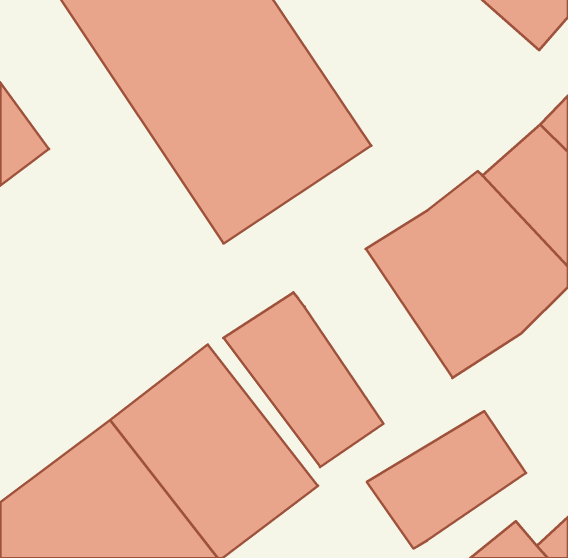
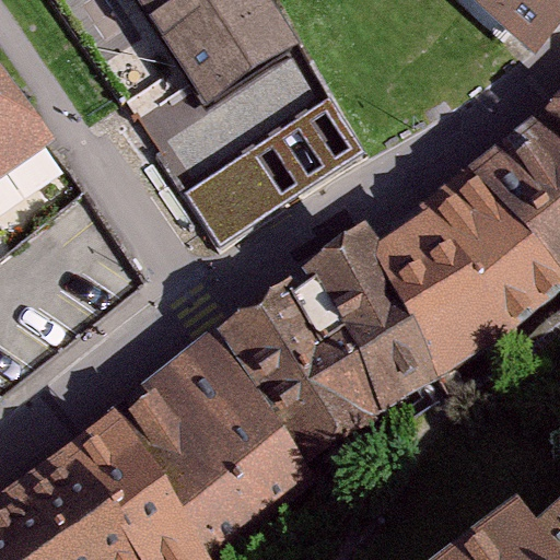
building: none -> [293,245,445,417]
building: [367,411,526,548] -> none

